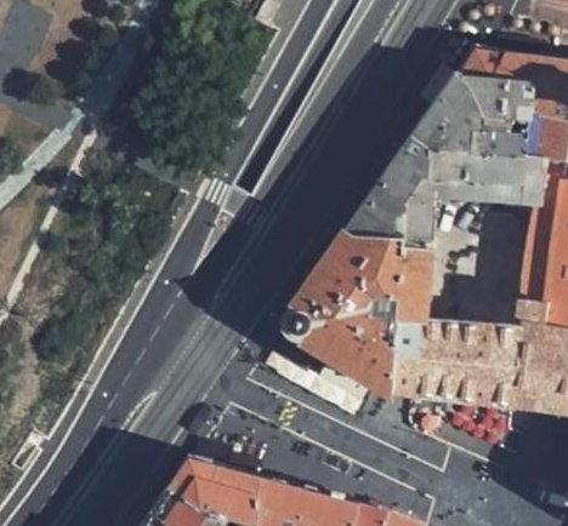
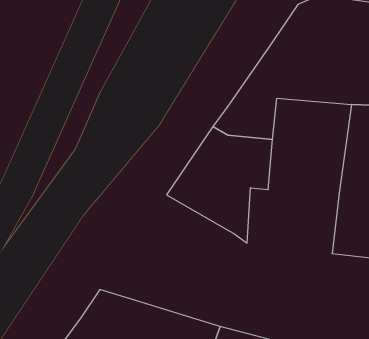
building: [396,315,523,442] -> none

